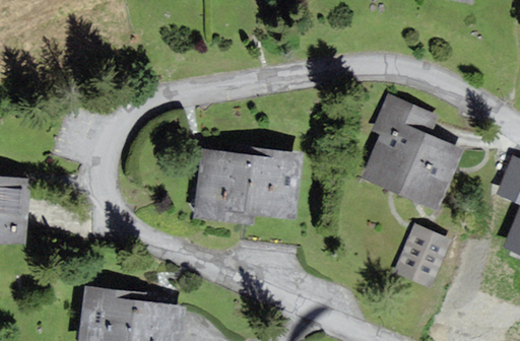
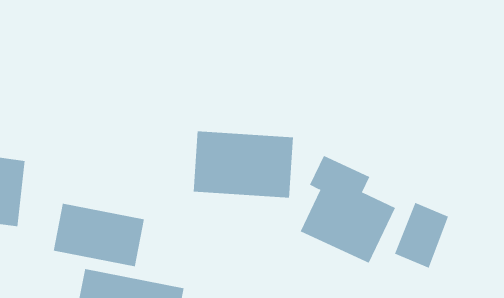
building: [363,98,457,205] -> [300,155,396,264]
building: none -> [53,203,144,267]

